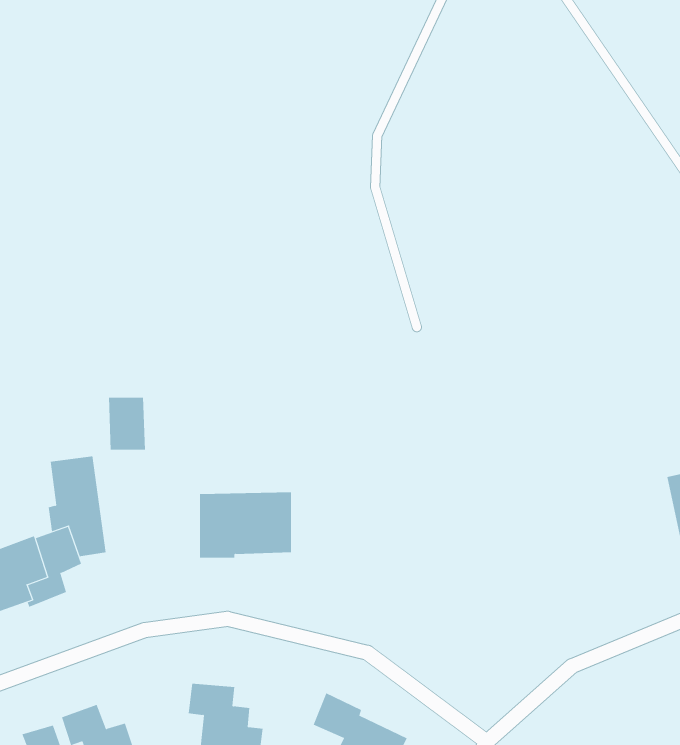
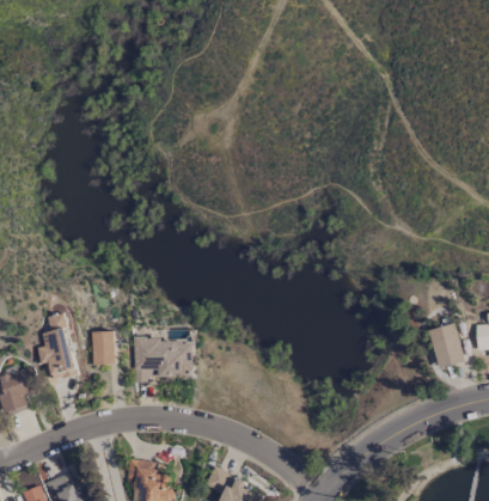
building: [108,397,146,450] -> [92,331,116,365]

